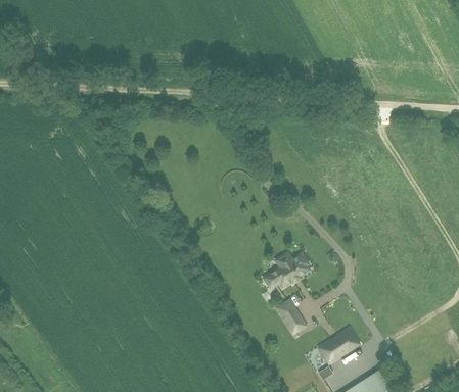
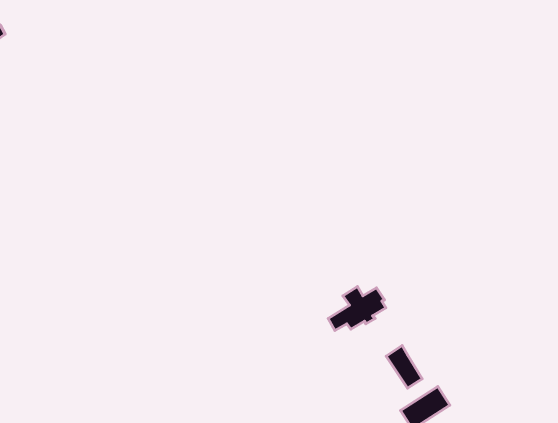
building: [277,299,305,332] -> [386,346,422,388]

